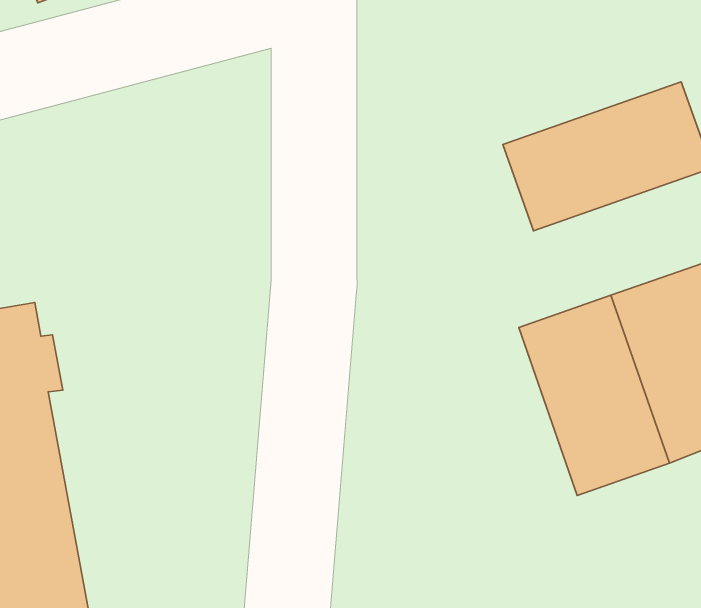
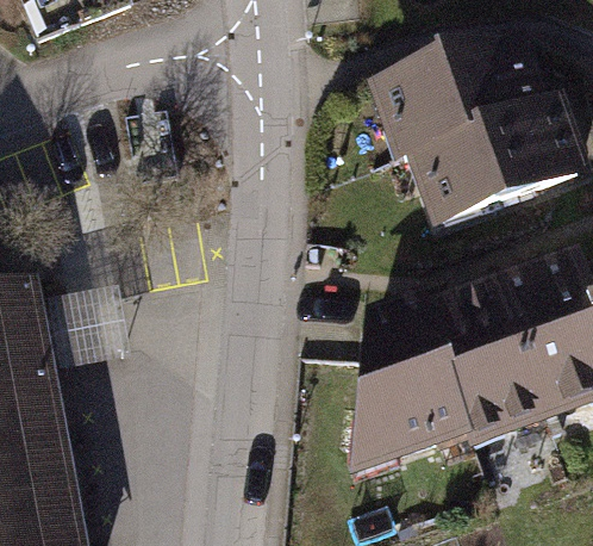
building: none -> [380,52,550,160]
building: none -> [358,293,475,474]

